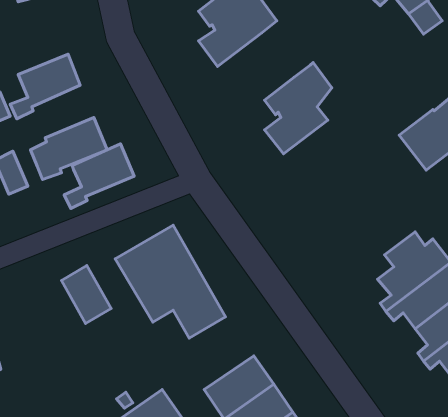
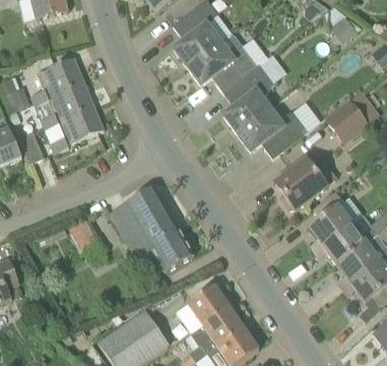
building: none -> [187,37,268,92]
building: none -> [237,107,308,158]
building: [64,144,134,208] -> [41,80,93,129]
building: none -> [274,151,326,209]

